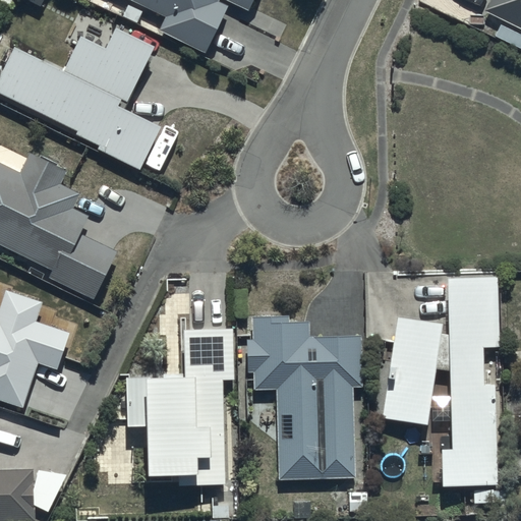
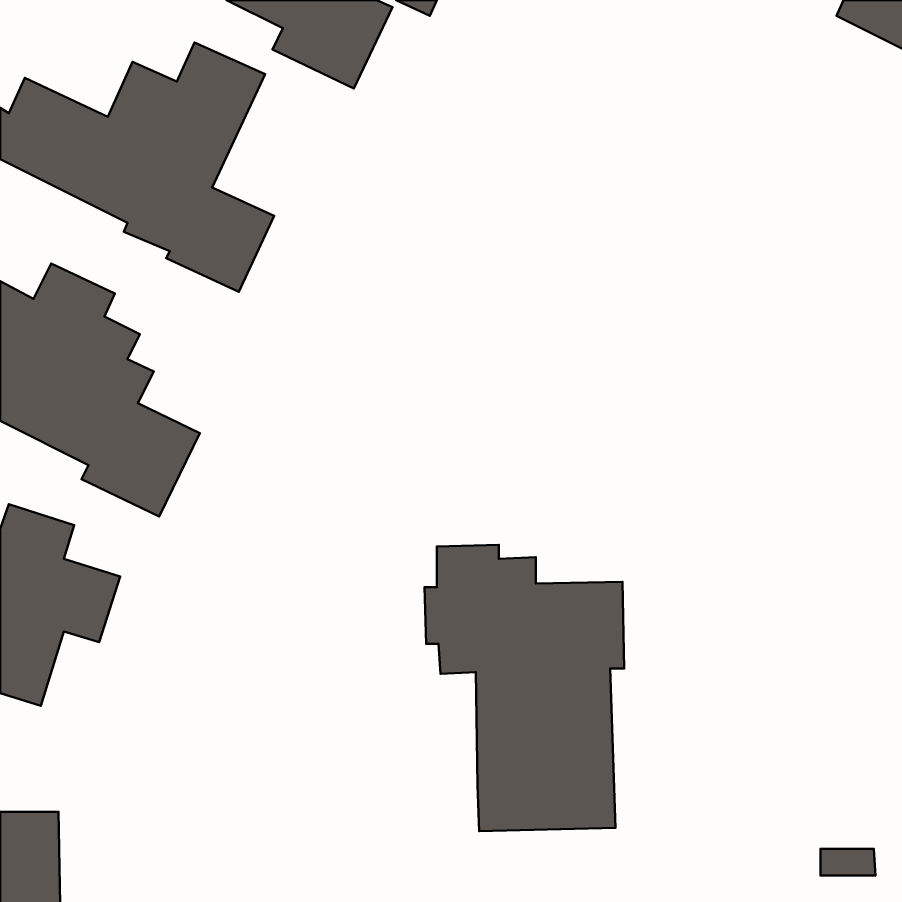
building: [439,278,497,485] -> none
building: [383,315,442,425] -> none
building: [124,328,231,483] -> none

